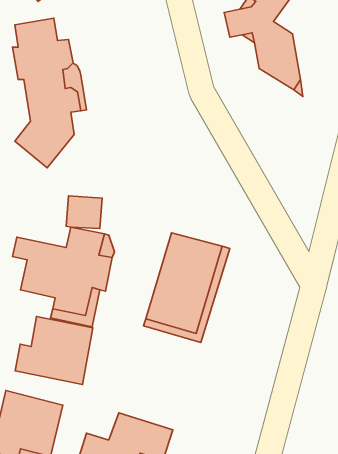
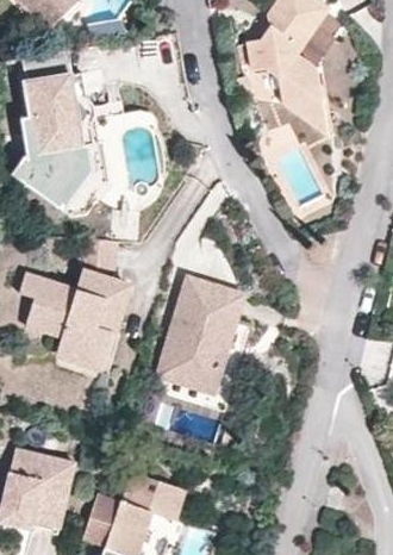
building: [15,316,93,384] -> none

